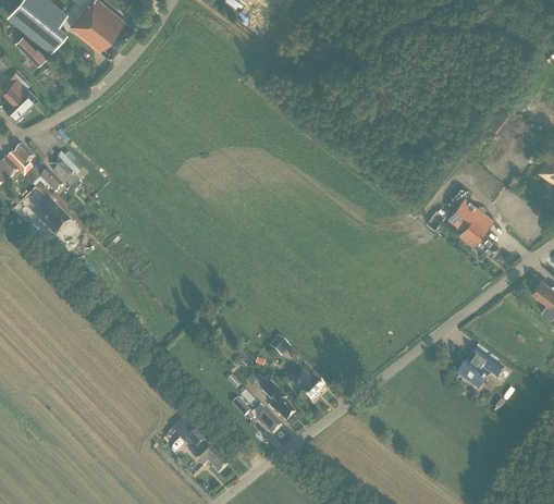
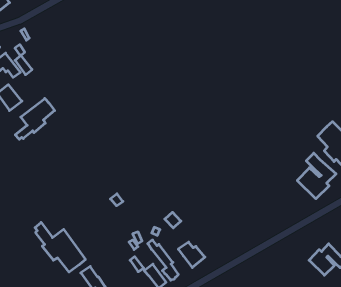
building: none -> [15,98,55,139]
building: none -> [297,153,336,199]
building: none -> [35,222,85,272]

